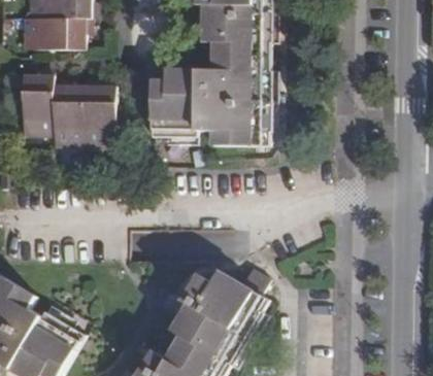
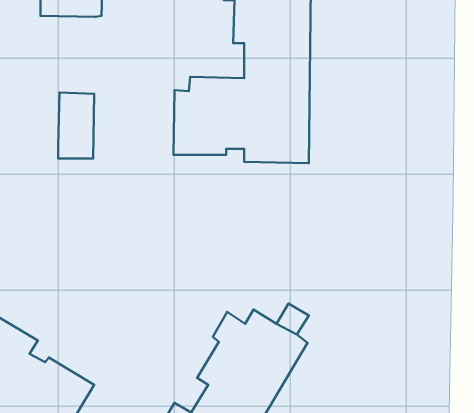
building: [29,18,84,49] -> none
building: [20,74,53,129] -> none
building: [81,84,113,141] -> none

